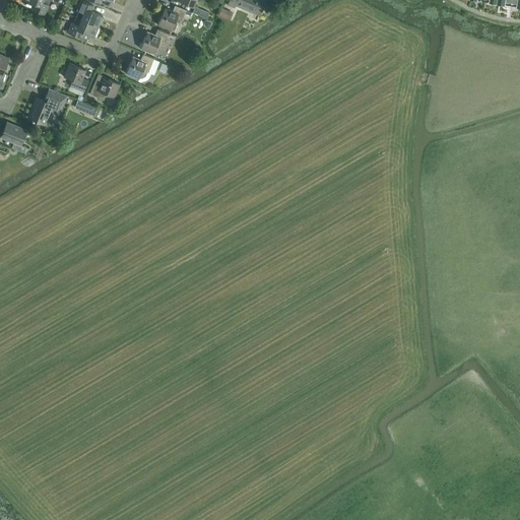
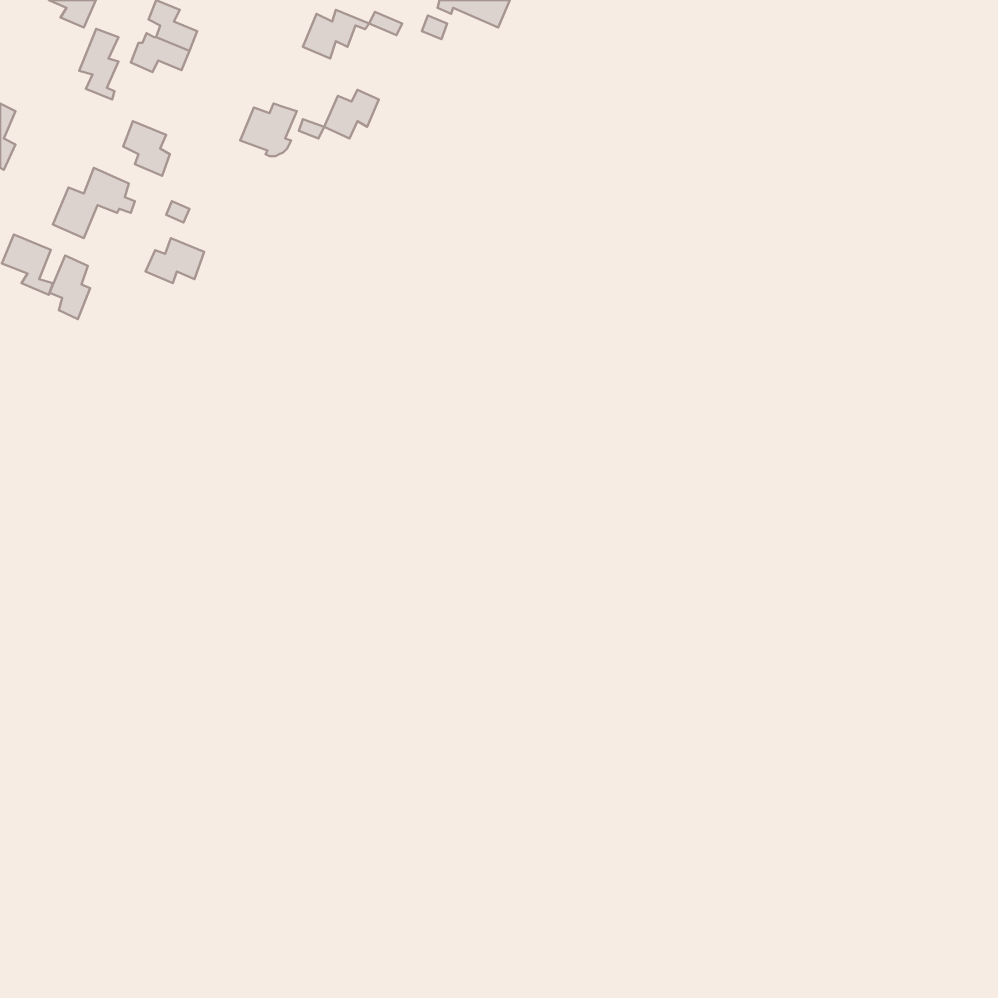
building: none -> [79,29,119,100]
building: [140,28,169,54] -> [324,90,379,139]
building: [89,76,120,100] -> [146,238,204,283]
building: none -> [50,256,90,319]

